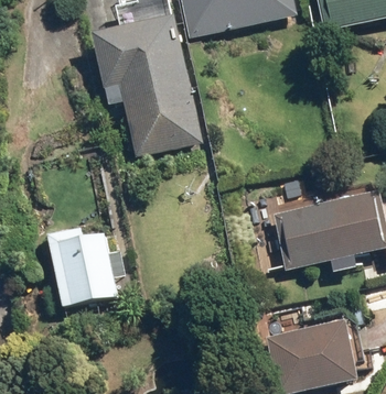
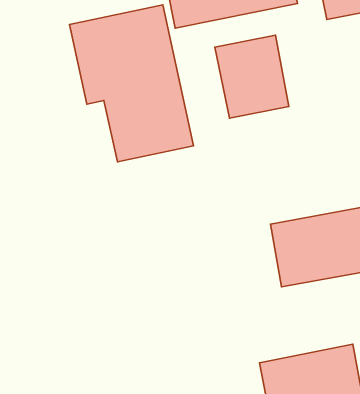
building: none -> [215,35,289,118]
building: [46,228,117,306] -> none

